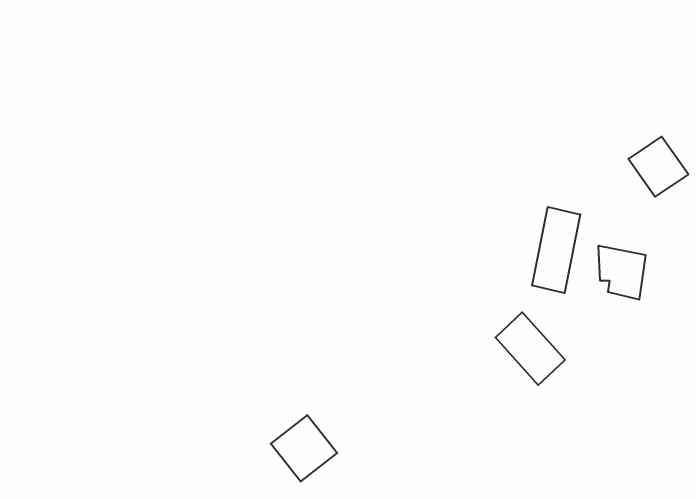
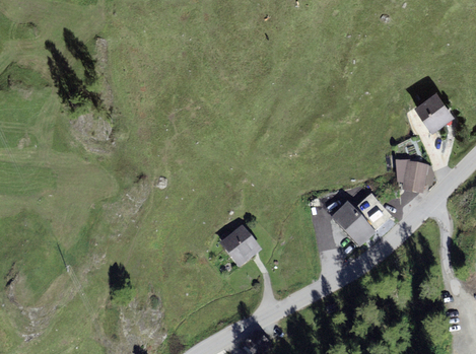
building: [532,207,580,293] -> none
building: [271,415,337,482] -> [219,224,262,267]

